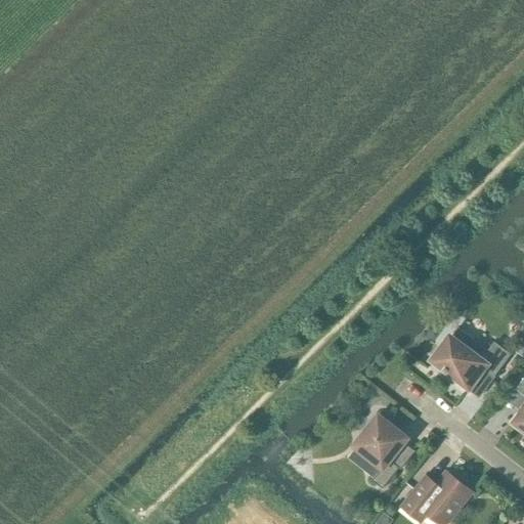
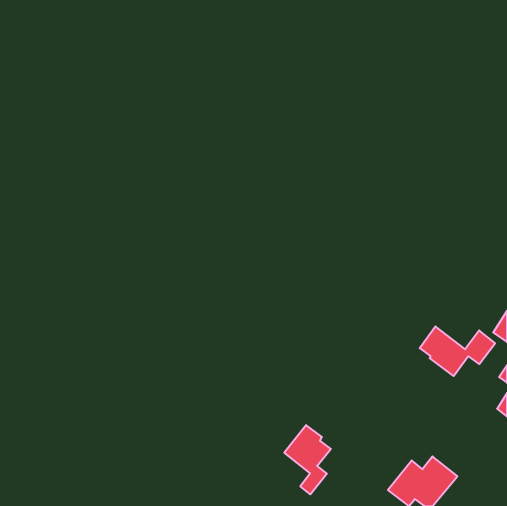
building: [355,417,403,488] -> [284,425,331,494]

